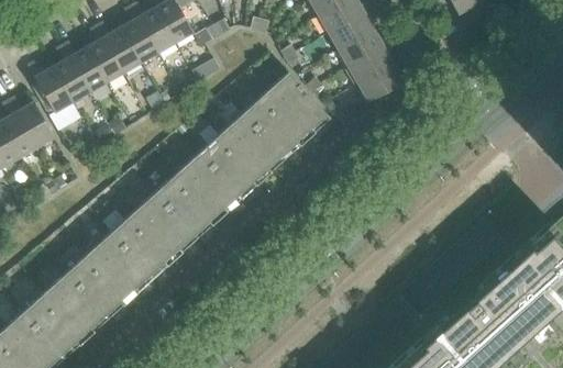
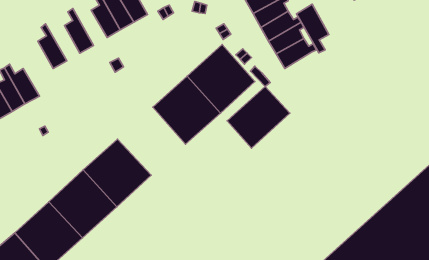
building: none -> [296,4,329,53]
building: [97,22,141,73] -> none
building: [62,42,106,92] -> none
building: [26,62,71,113] -> none
building: none -> [227,87,290,148]
building: [154,152,241,238] -> none

